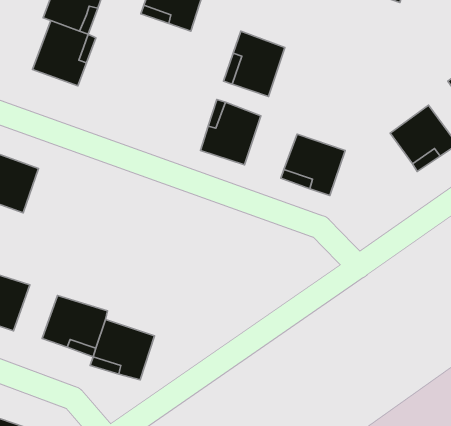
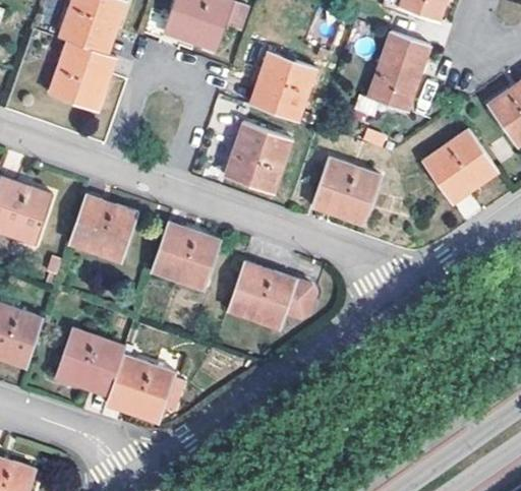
building: none -> [367,33,429,112]
building: none -> [69,198,136,260]
building: none -> [153,223,221,289]
building: none -> [228,262,315,327]

